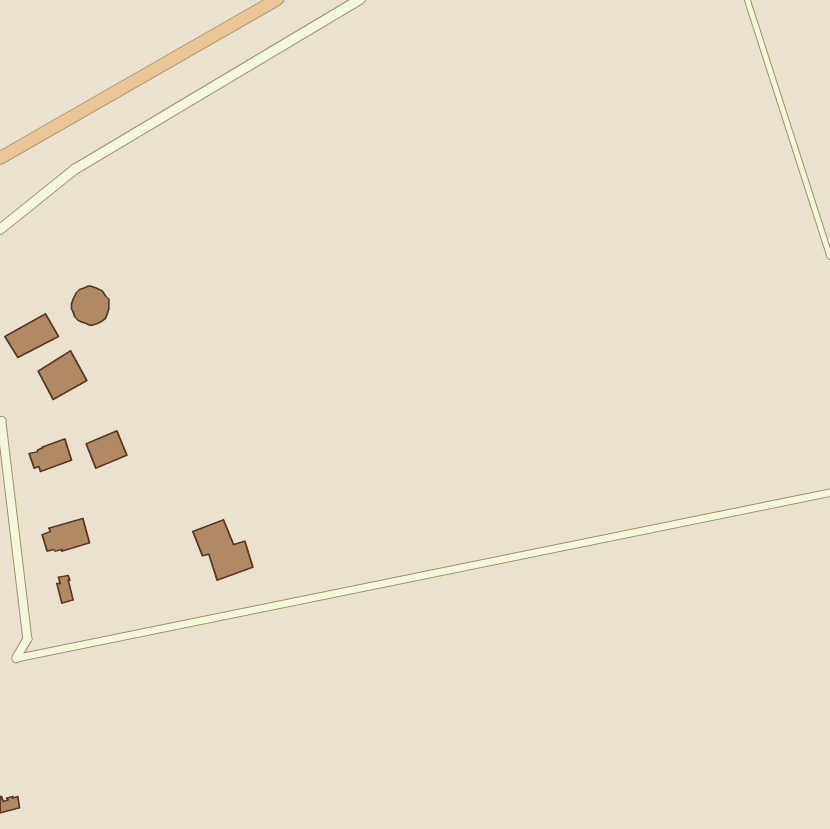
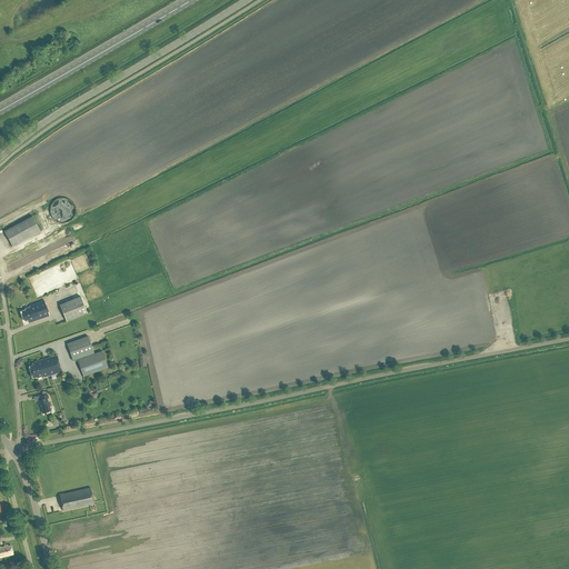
building: [38,351,87,399] -> none
building: [193,520,253,580] -> [66,335,107,376]
building: none -> [59,487,93,510]

